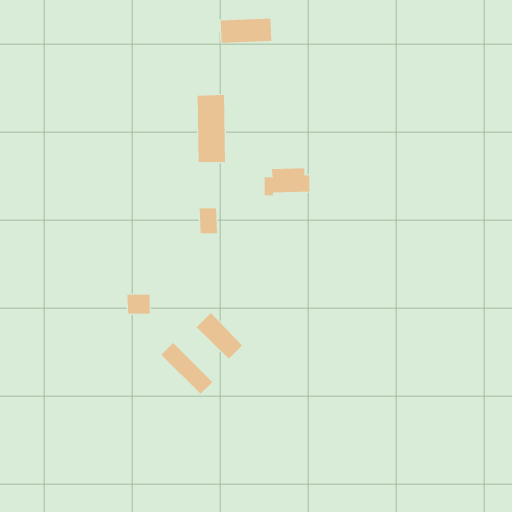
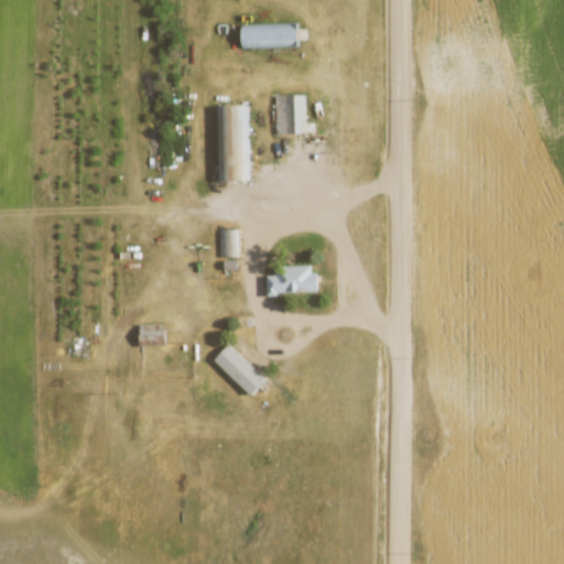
building: none -> [274,94,306,132]
building: [264,168,310,196] -> [268,265,318,296]
building: [161,342,213,395] -> none

